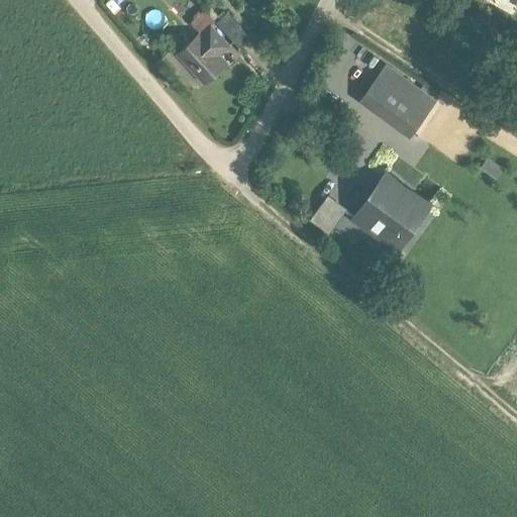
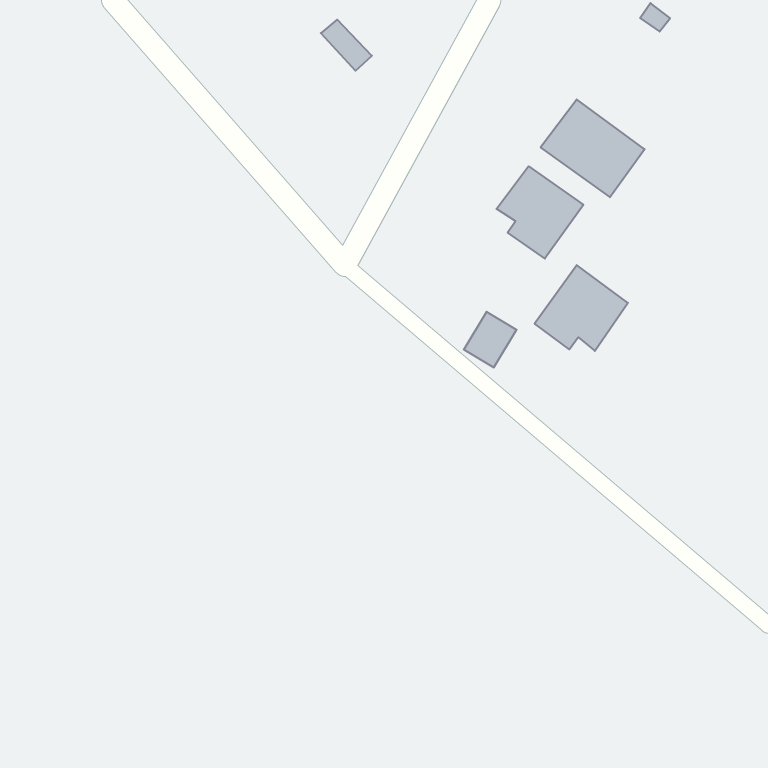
building: [177,26,228,84] -> none
building: none -> [496,166,583,259]

